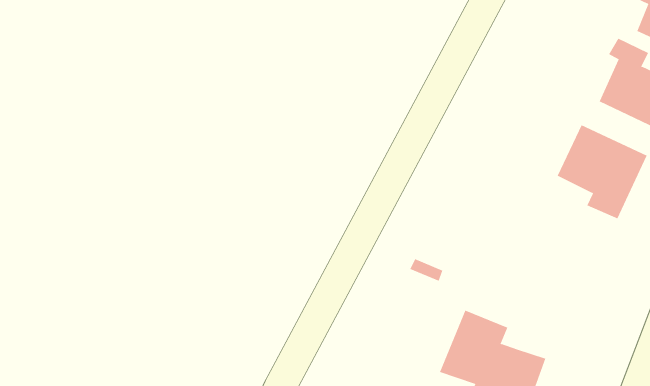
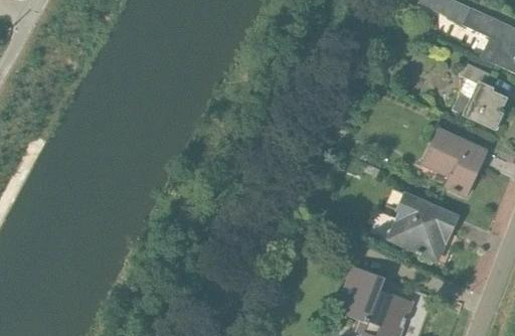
building: none -> [386,188,459,263]

